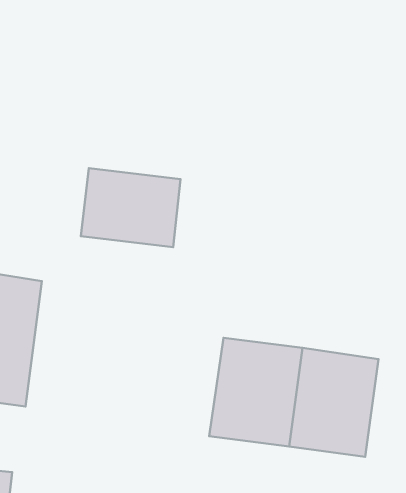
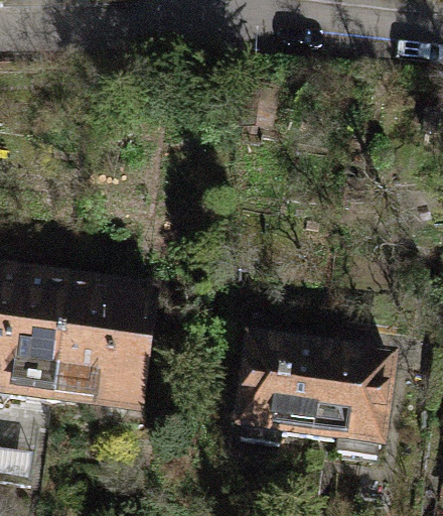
building: [81,168,181,247] -> none
building: none -> [52,277,156,411]

